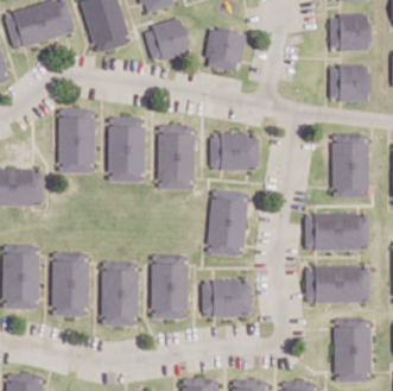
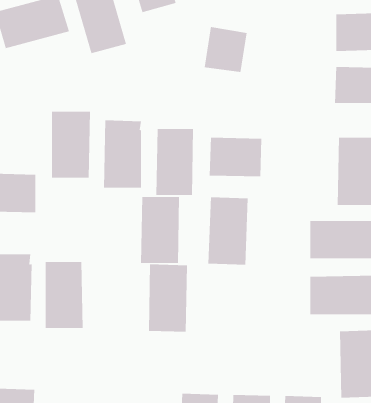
building: [144,18,191,63] -> none
building: [101,261,139,326] -> [140,196,180,264]
building: [202,279,251,317] -> none

